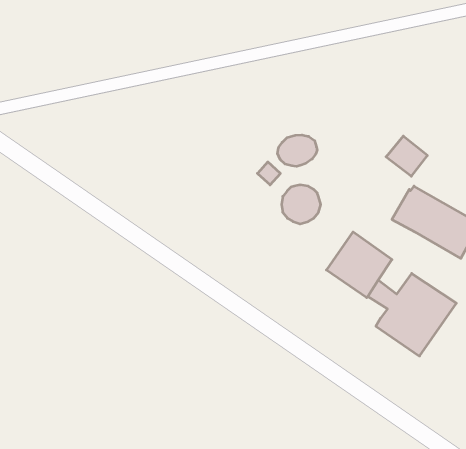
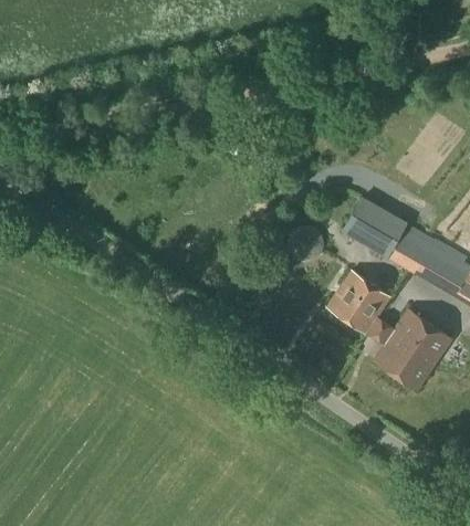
building: [277,135,317,166] -> none
building: [386,136,427,176] -> [354,211,394,250]

